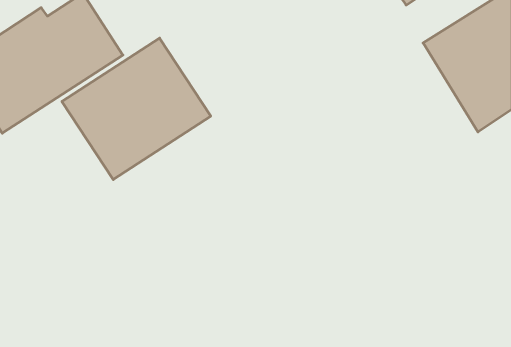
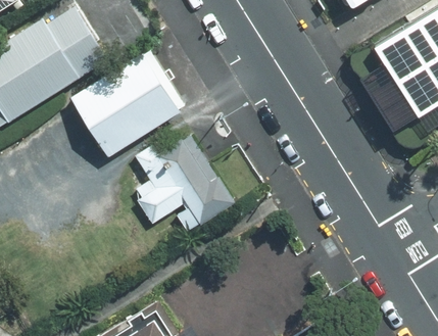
building: none -> [118,136,223,236]

